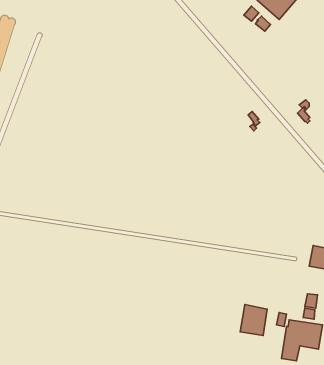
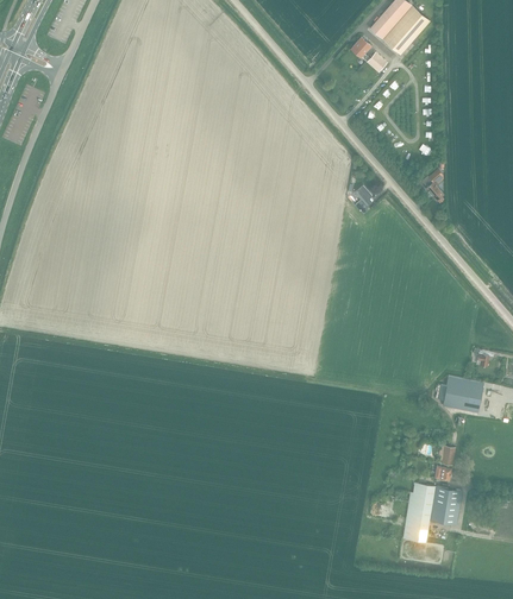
building: [240,305,267,336] -> none

